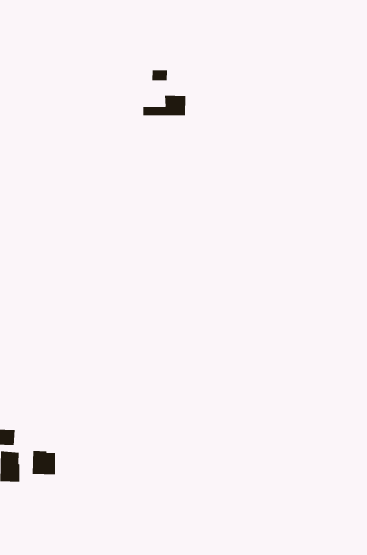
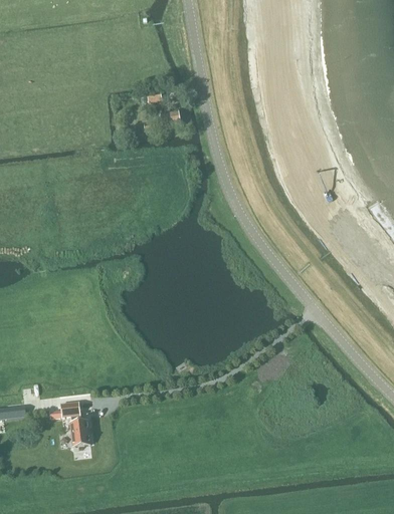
building: [32,450,56,475] -> none

